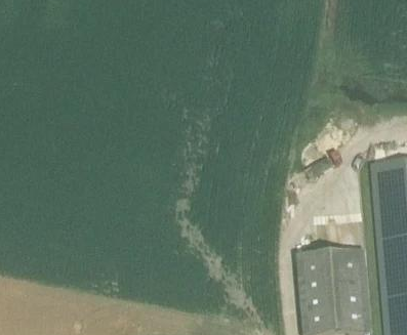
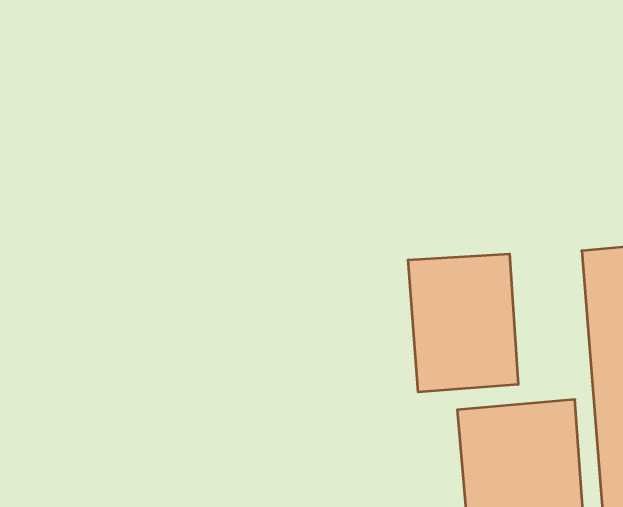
building: none -> [408,254,518,392]

